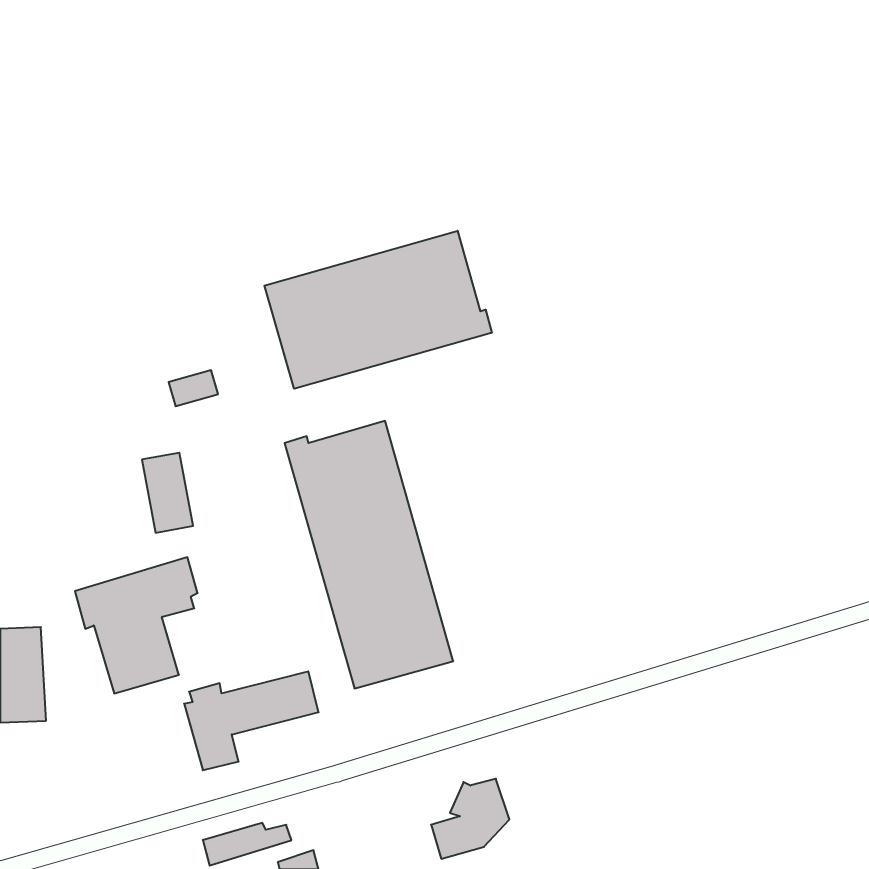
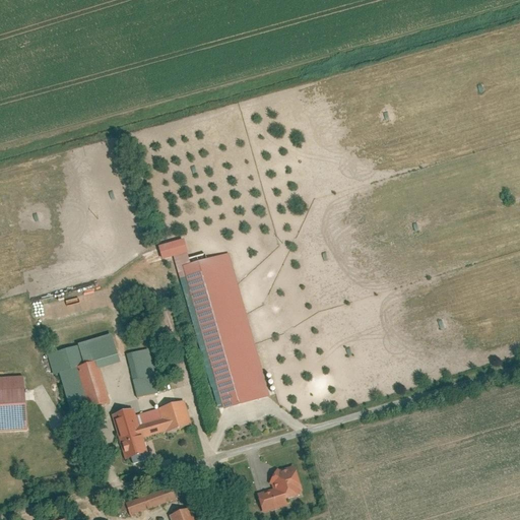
building: [264,231,492,389] -> none
building: [169,370,218,406] -> [159,236,189,257]
building: [142,453,193,533] -> [127,348,157,396]

